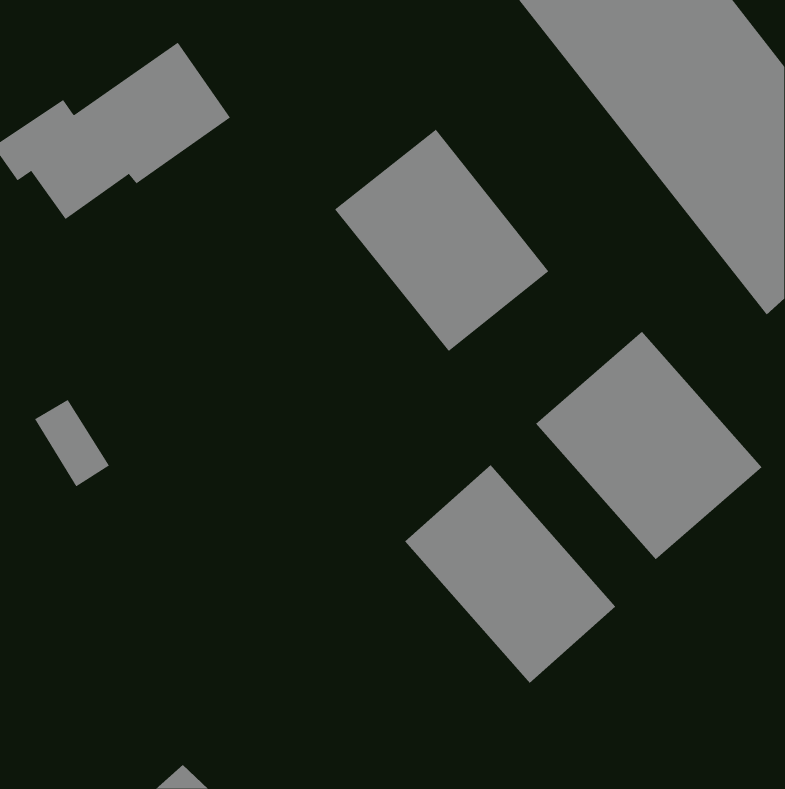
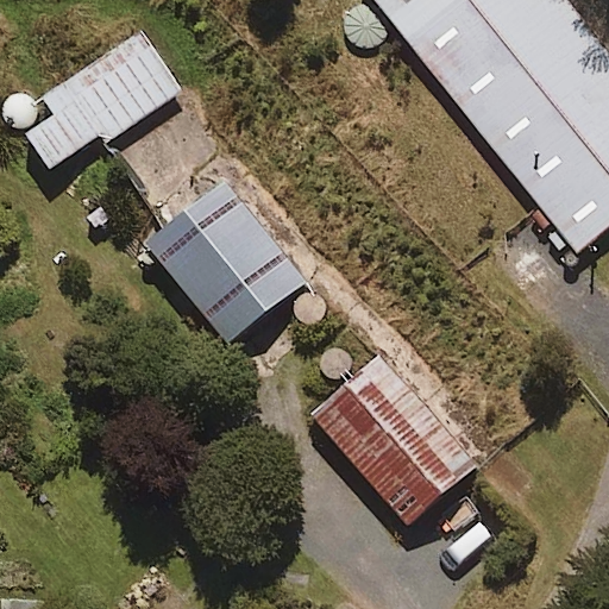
building: [334,129,549,352] -> [139,172,304,344]
building: [535,331,762,560] -> none

